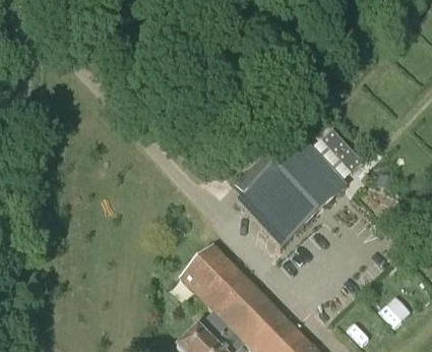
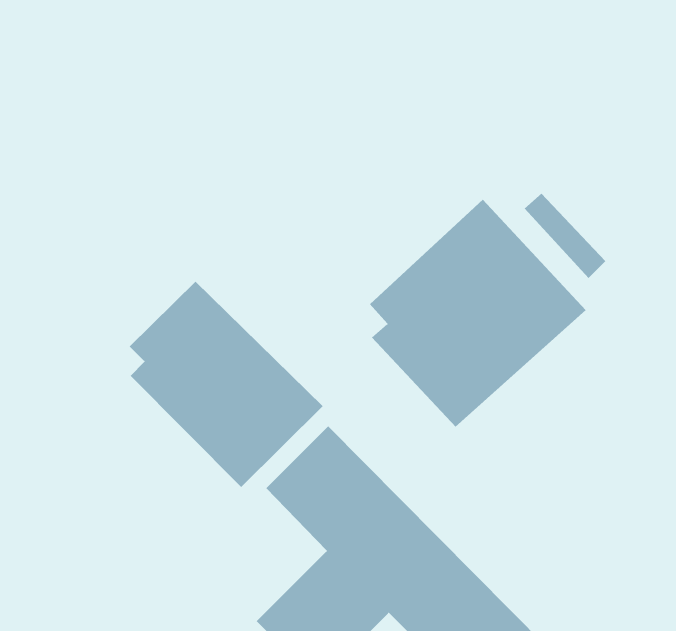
building: none -> [129,281,323,488]

